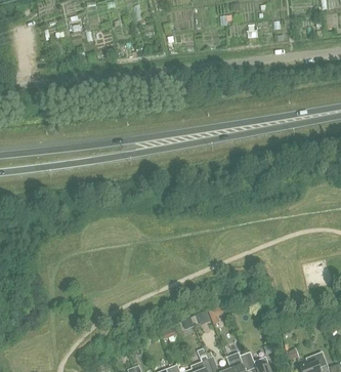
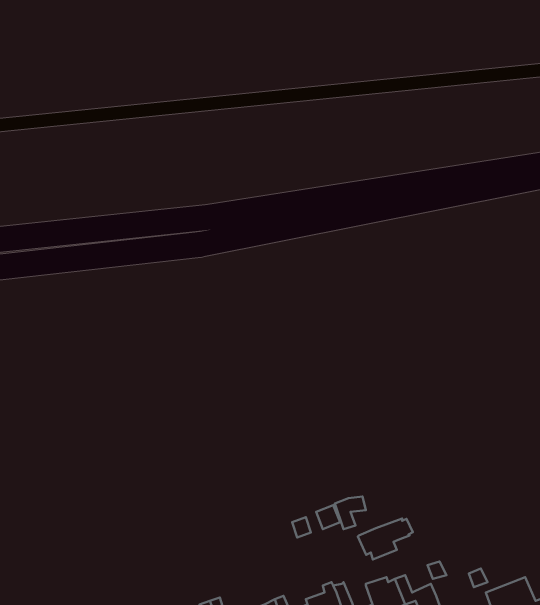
building: none -> [358,519,413,559]

